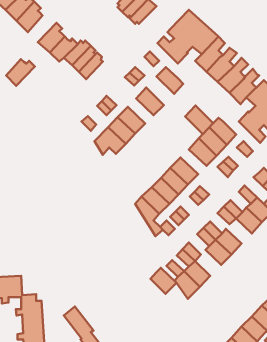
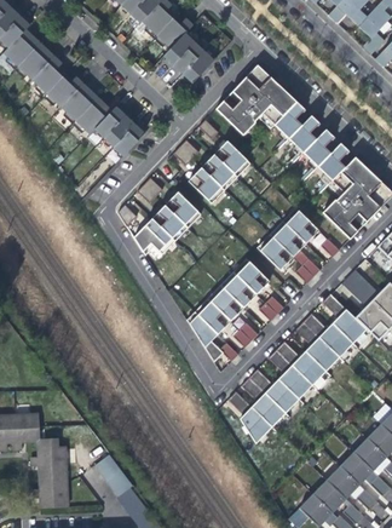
building: [6,59,35,86] -> [46,71,83,107]
building: [185,105,213,134] -> [201,151,237,189]
building: none -> [305,338,339,371]
building: [151,268,176,294] -> [265,379,299,413]

